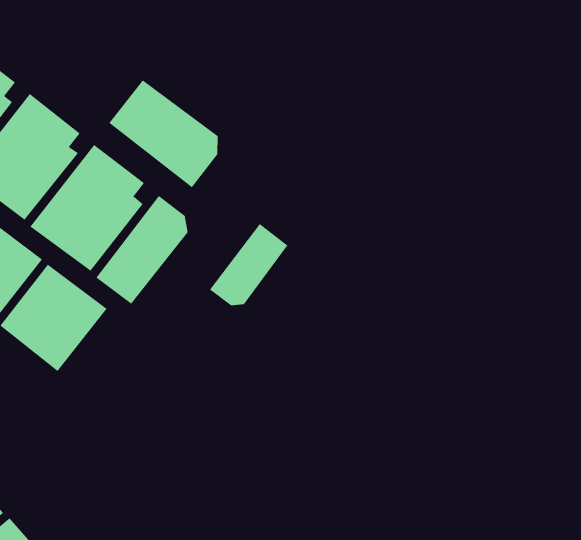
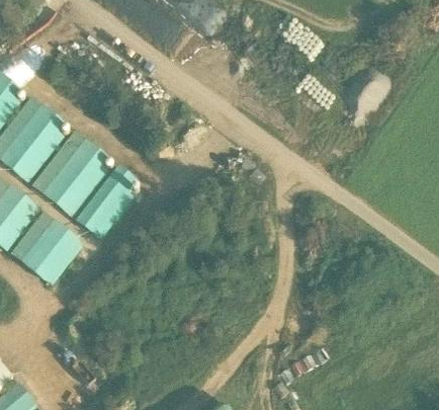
building: [108,79,218,188] -> none
building: [209,223,288,306] -> none

